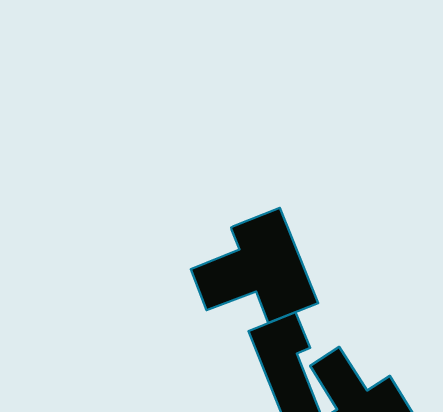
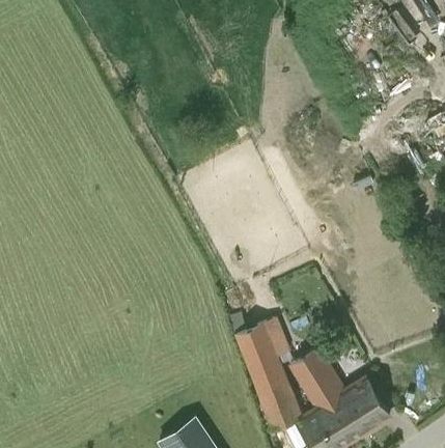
building: [191,208,318,323] -> none

